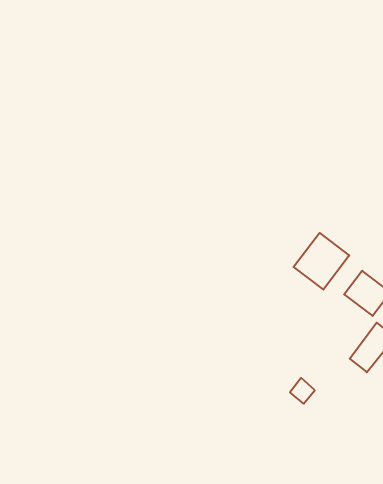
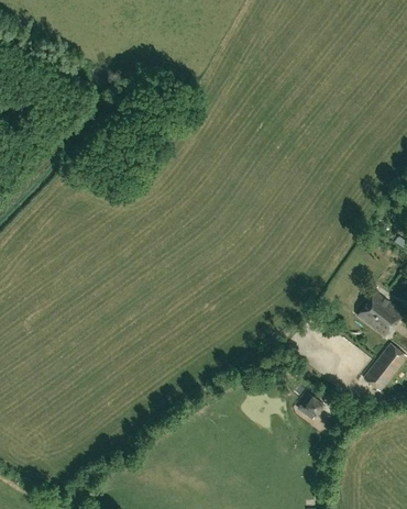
building: [294,233,349,290] -> none

